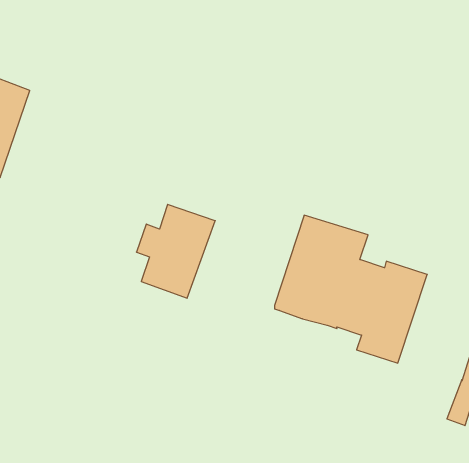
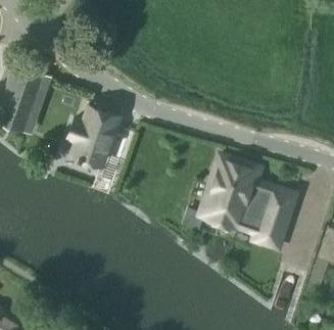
building: [136,204,215,298] -> [70,106,120,164]

